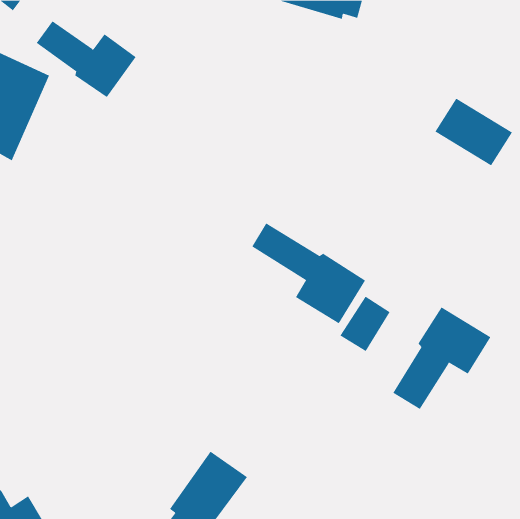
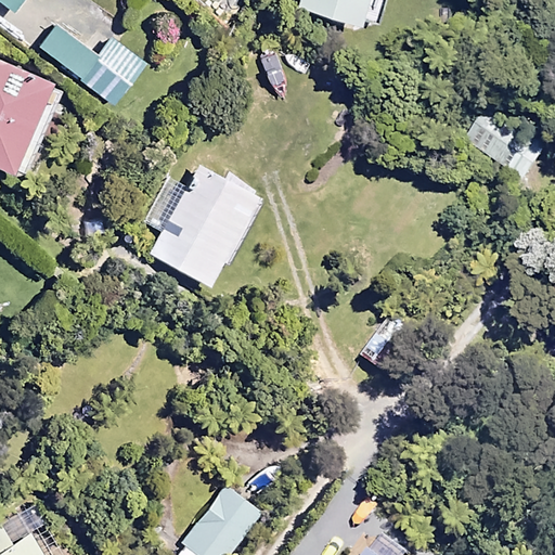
building: none -> [150,164,260,286]
building: [251,222,366,324] -> none
building: [392,307,491,410] -> none

